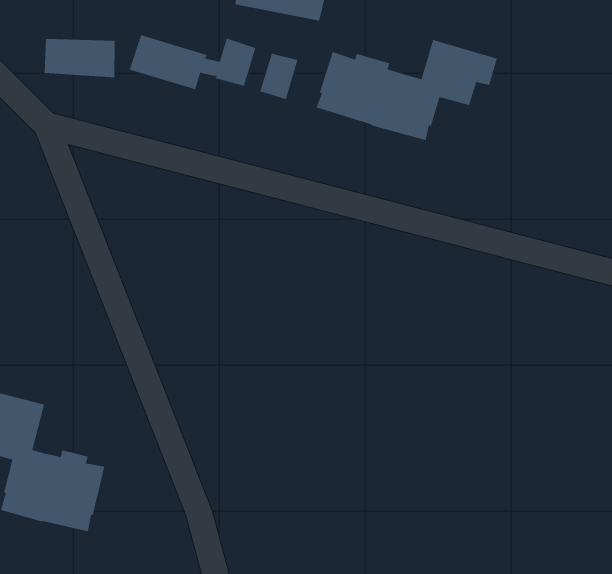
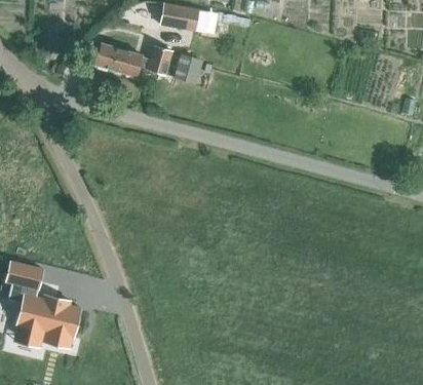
building: [44,38,115,78] -> none
building: [316,39,497,141] -> none

